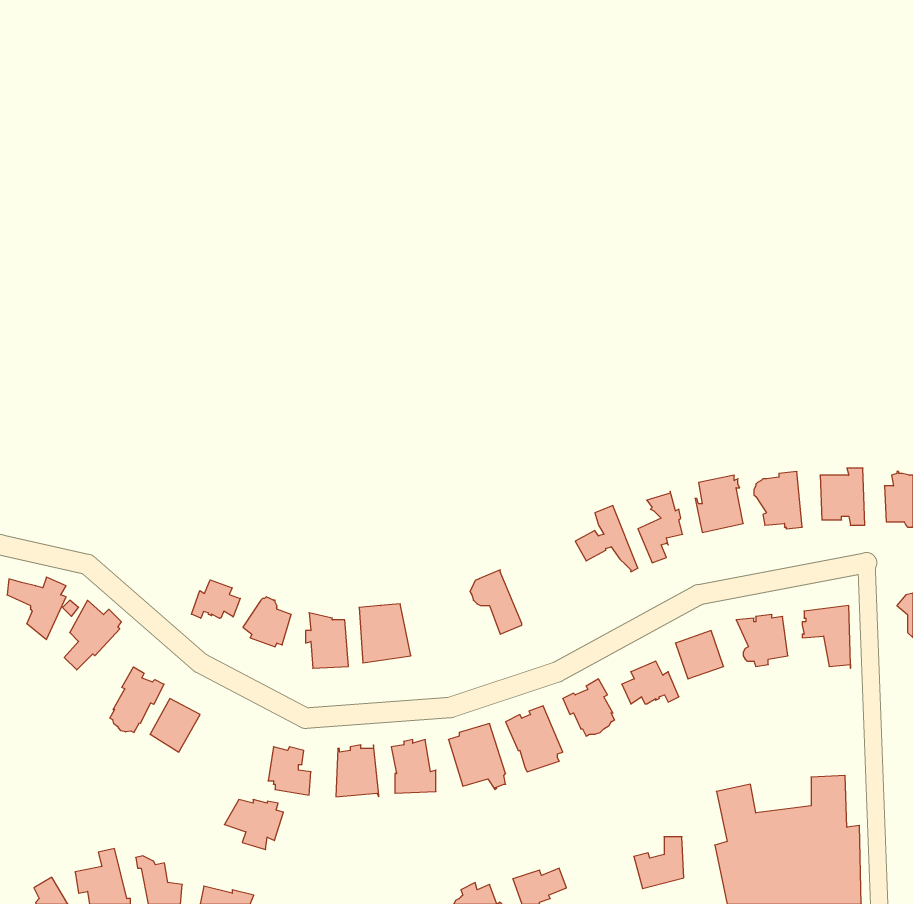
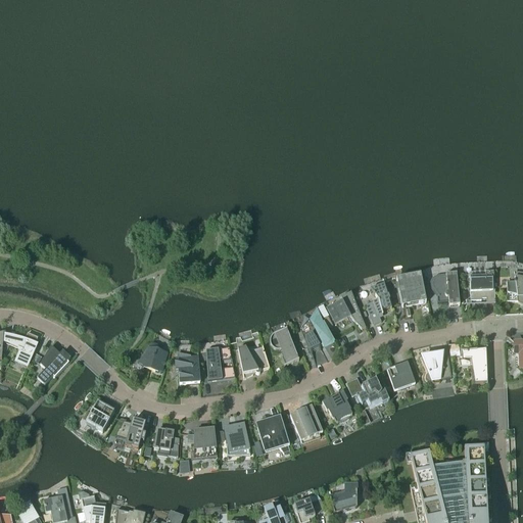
building: none -> [304,304,333,347]
building: [191,580,240,618] -> none
building: none -> [237,344,269,377]
building: [110,667,164,733] -> none
building: [224,800,283,850] -> [114,419,148,447]
building: [634,837,684,889] -> [328,481,356,511]

